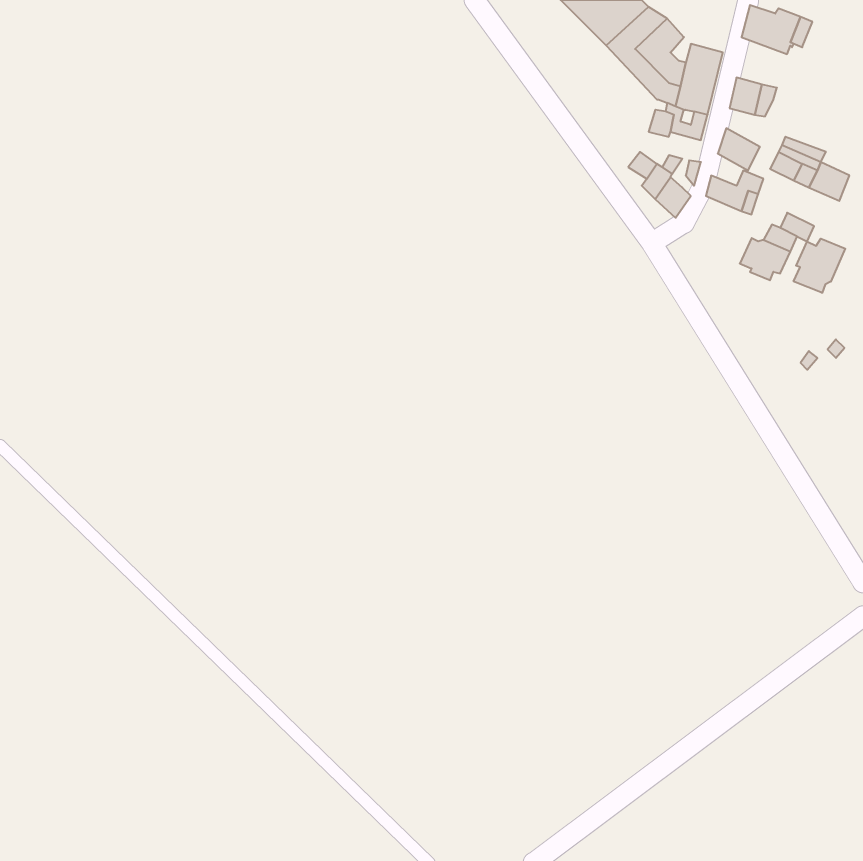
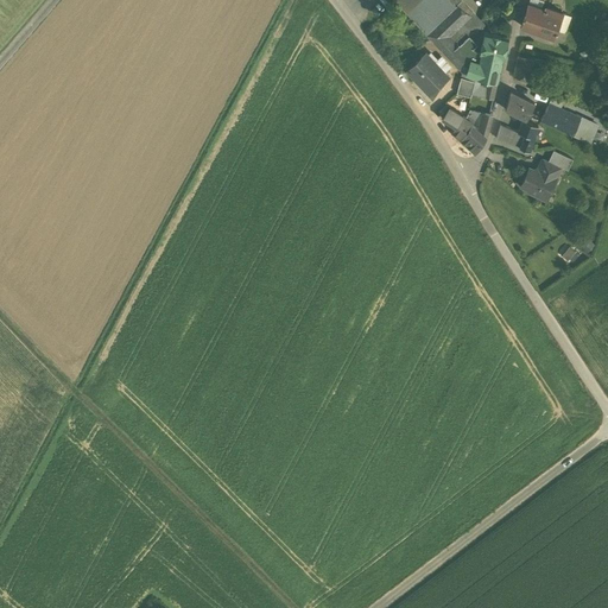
building: none -> [406,53,449,95]
building: [794,239,845,293] -> none

